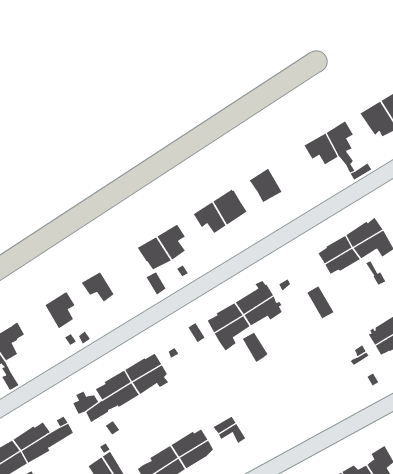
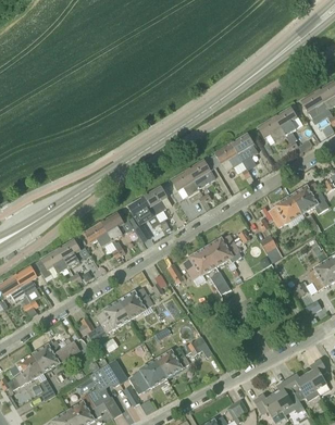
building: none -> [229,134,257,170]
building: none -> [99,213,126,254]
building: none -> [35,250,66,278]

